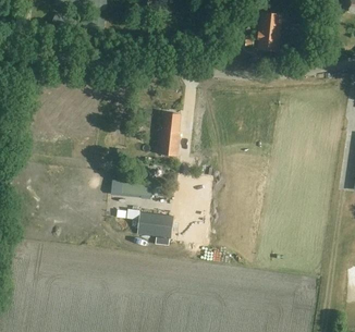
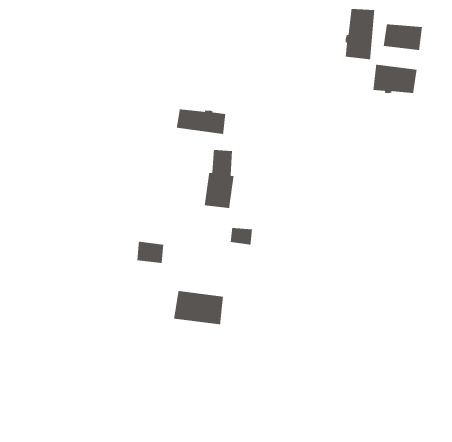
building: none -> [373,64,418,94]
building: none -> [176,108,226,135]

